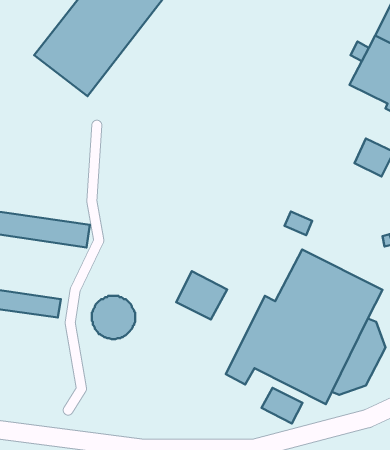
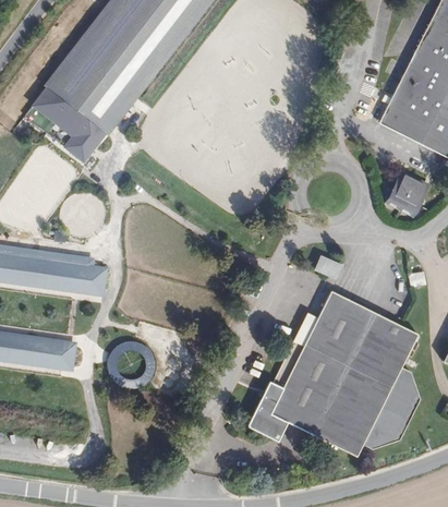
building: none -> [25,86,105,159]
building: [176,271,227,319] -> none
building: [261,388,302,423] -> none

